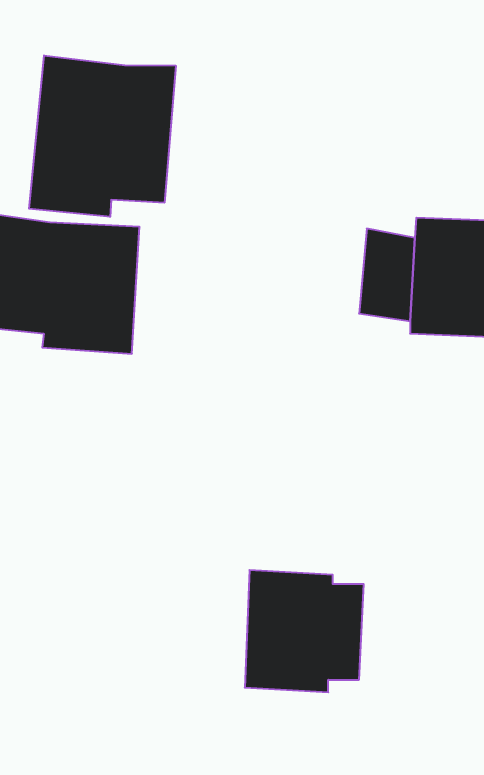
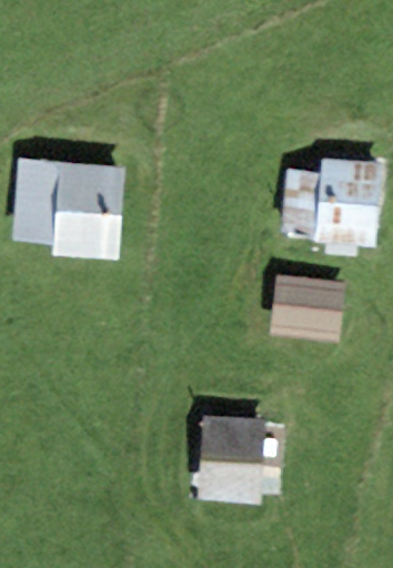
building: [29,55,176,217] -> none
building: none -> [270,273,345,339]

